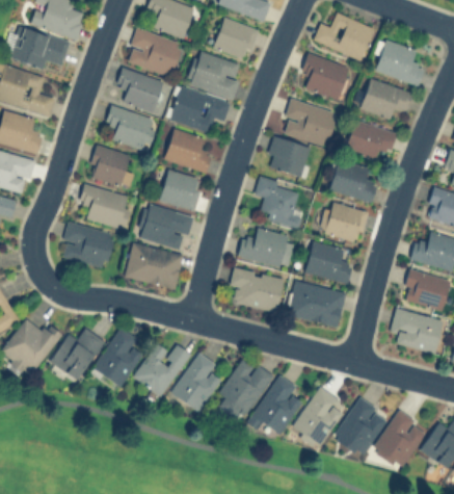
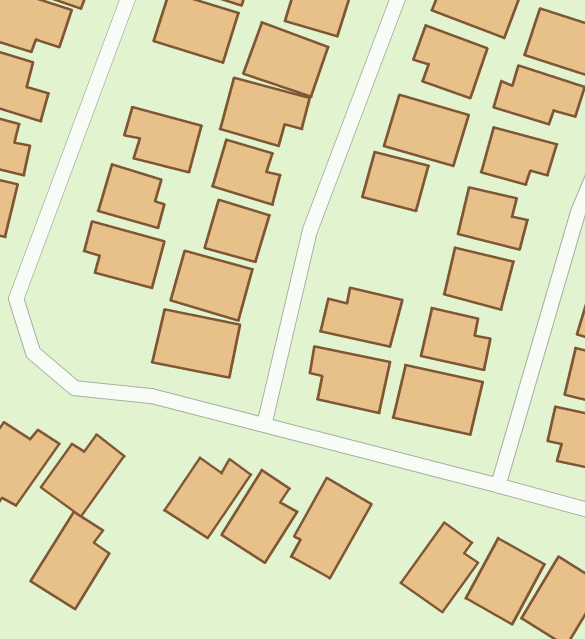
building: [116,69,164,112] -> none
building: [256,178,303,229] -> none
building: [60,223,116,269] -> none
building: [90,327,143,392] -> [31,512,109,609]
building: [247,374,302,436] -> none

